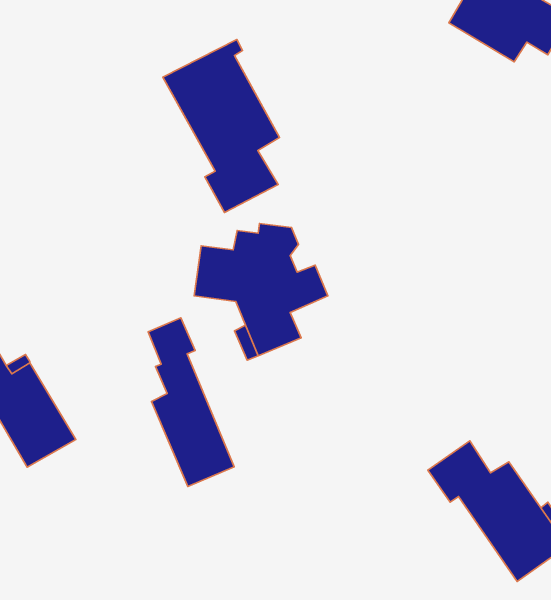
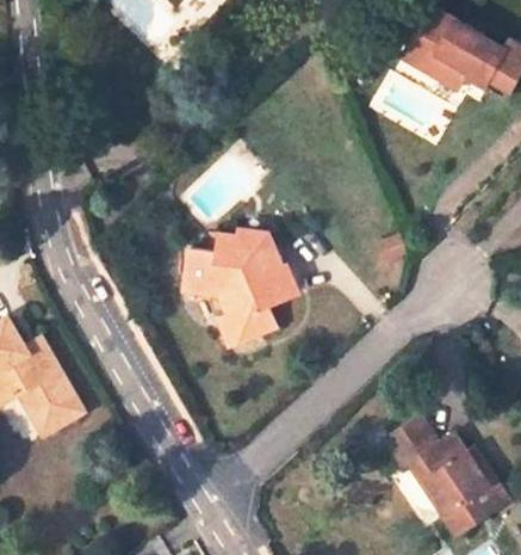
building: [163,39,279,212] -> none
building: [148,318,234,486] -> none

